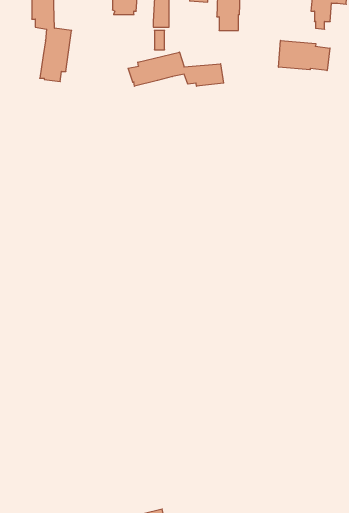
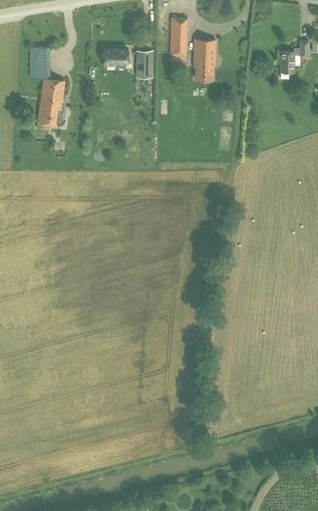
building: [279,40,330,71] -> none
building: [128,52,224,86] -> none

